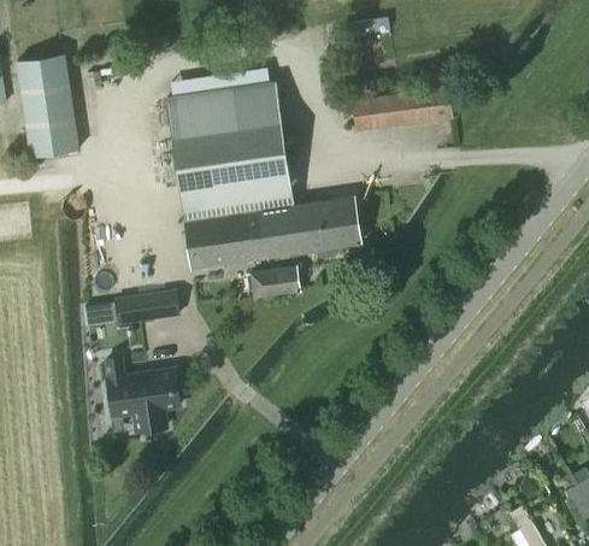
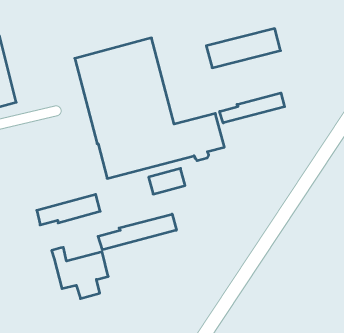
building: none -> [220,93,285,123]
building: none -> [98,214,176,250]

